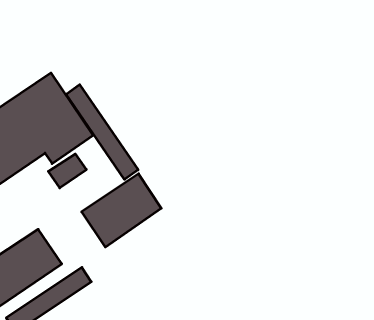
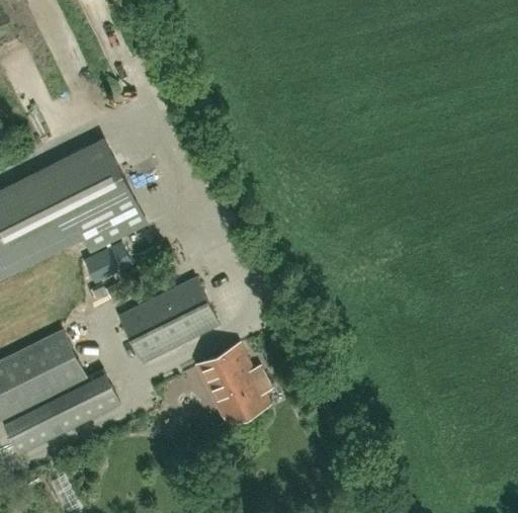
building: [66,85,138,179] -> none
building: none -> [197,344,270,425]

